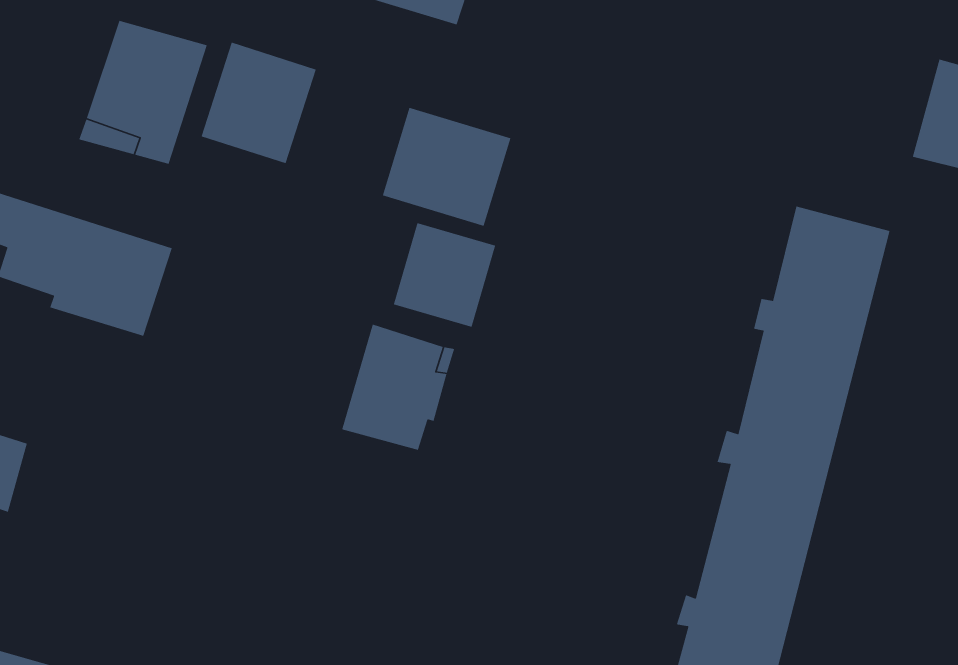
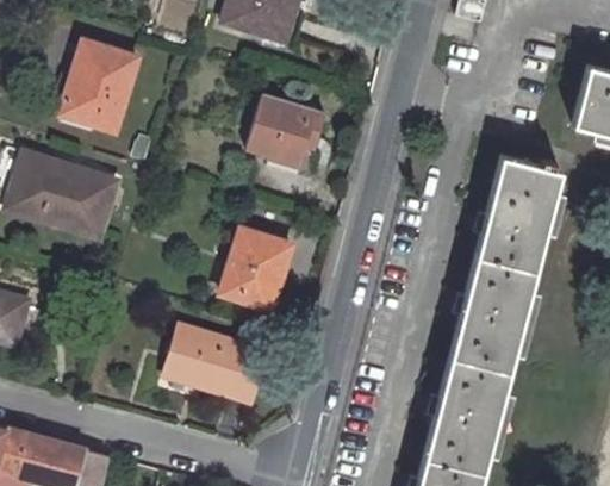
building: [200,42,317,164] -> none
building: [393,222,496,328] -> none
building: none -> [168,325,269,403]

